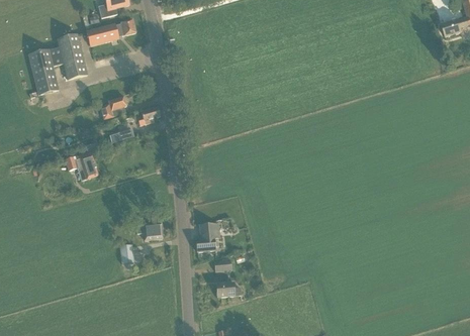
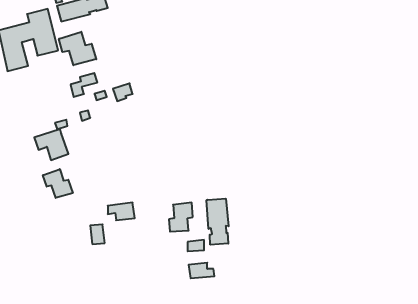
building: none -> [59,32,96,65]
building: none -> [43,169,73,198]
building: none -> [207,199,229,245]

